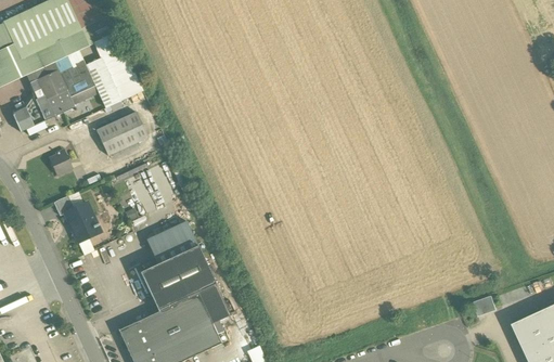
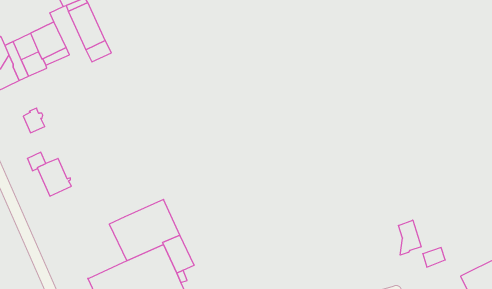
building: [38,70,65,99] -> none
building: [95,112,147,156] -> none
building: [145,221,197,264] -> none
building: none -> [398,220,421,255]

